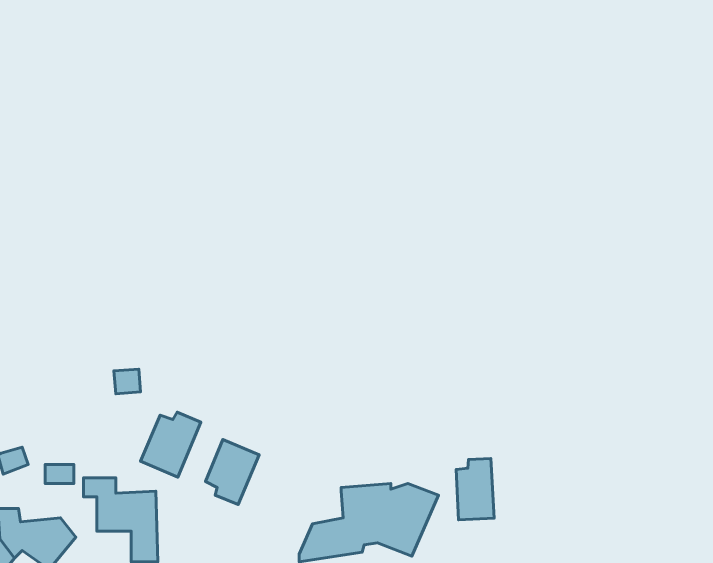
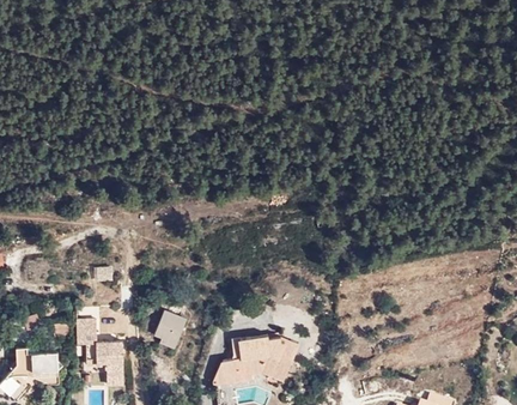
building: [140,412,201,477] -> none
building: [456,458,494,520] -> none

